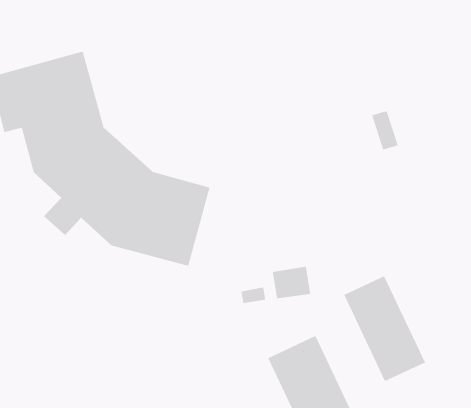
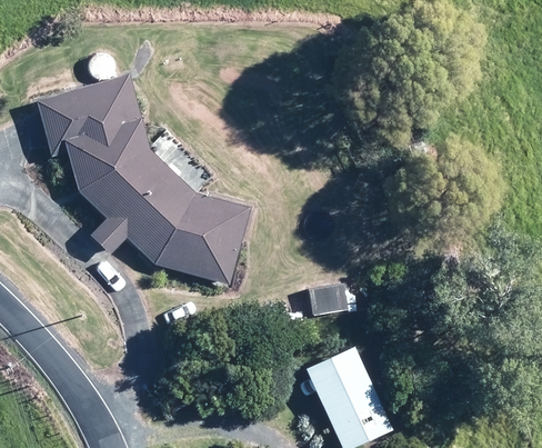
building: [343,275,426,382] -> none

